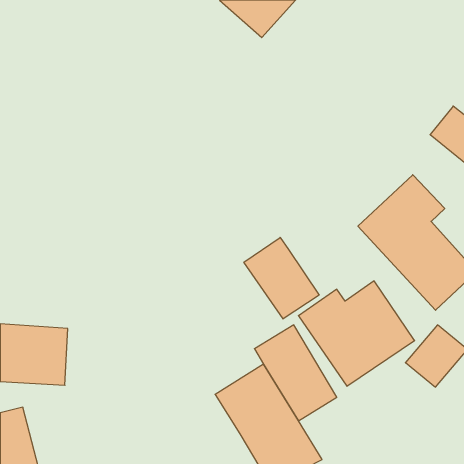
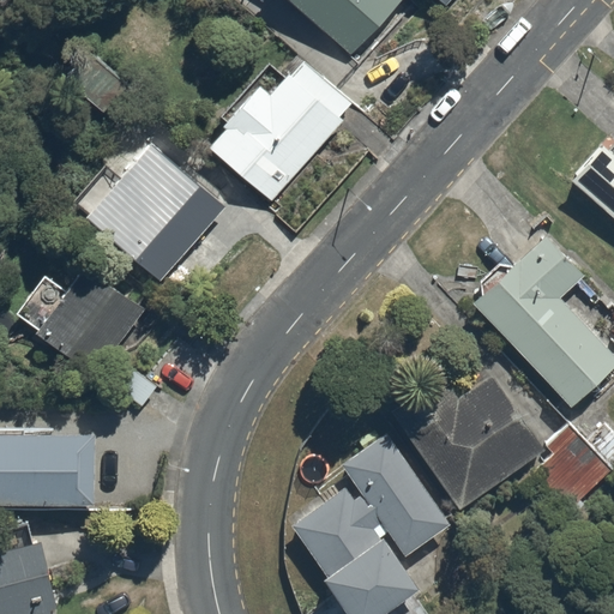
building: none -> [200,58,353,201]
building: none -> [85,137,234,285]
building: none -> [13,258,148,372]
building: [244,237,319,319] -> none

